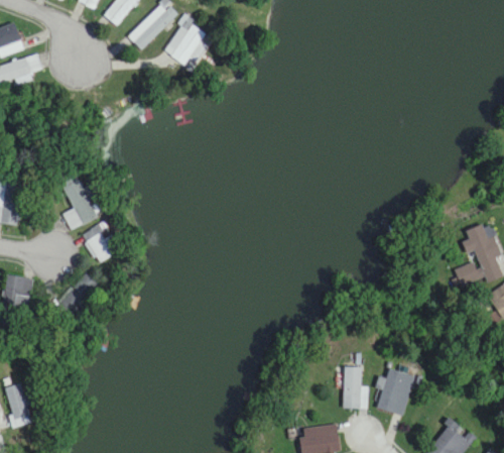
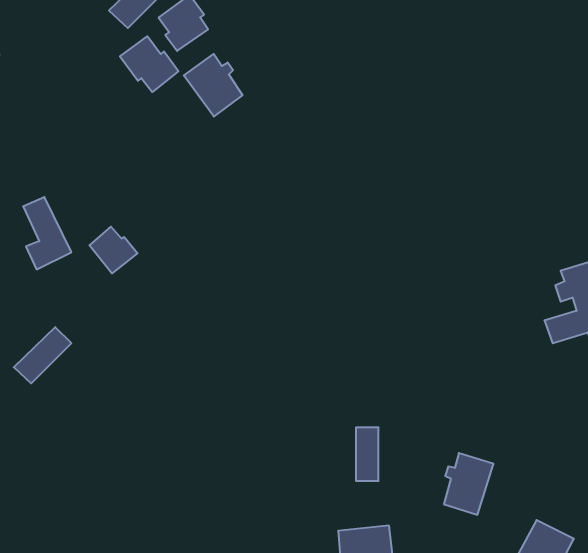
building: none -> [120,36,178,92]
building: none -> [184,54,242,117]
building: [83,228,119,263] -> [89,227,138,273]
building: [344,367,361,408] -> [356,427,379,481]

